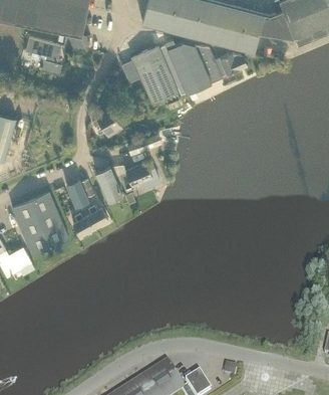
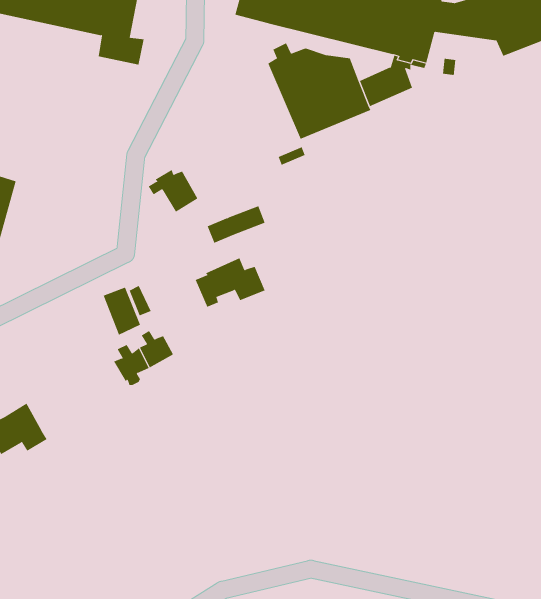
building: [25,36,61,73] -> none
building: [122,45,178,103] -> none
building: [96,166,122,200] -> none
building: [12,191,68,253] -> none

